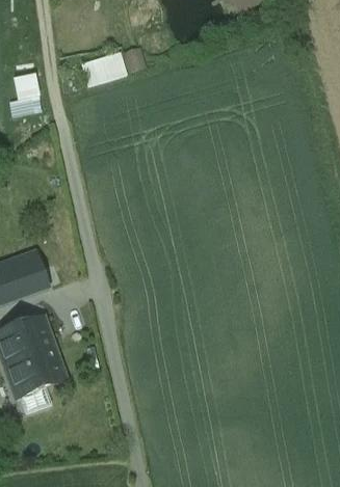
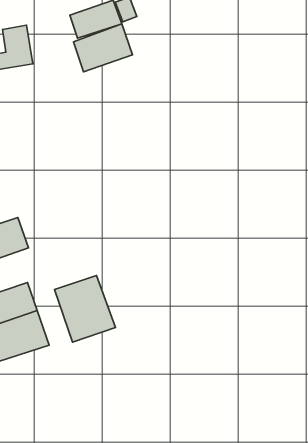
building: none -> [74,24,133,72]
building: none -> [54,276,116,342]

